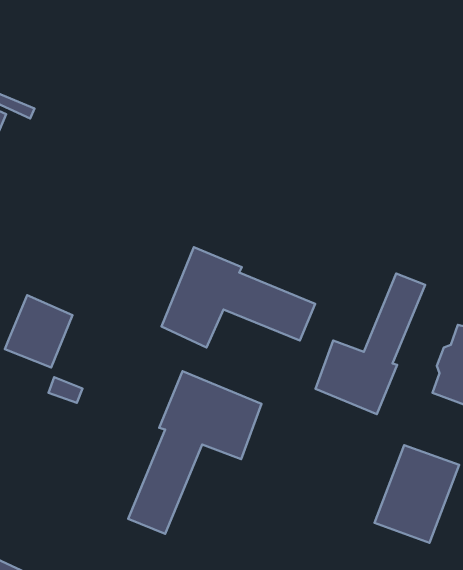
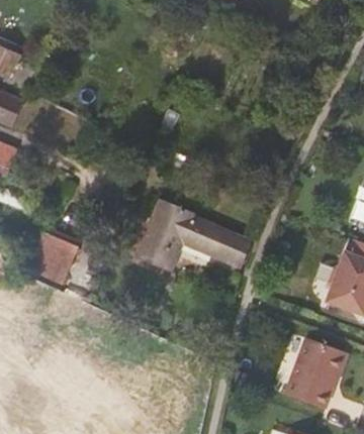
building: [315,273,425,414] -> none
building: [128,371,261,534] -> none

